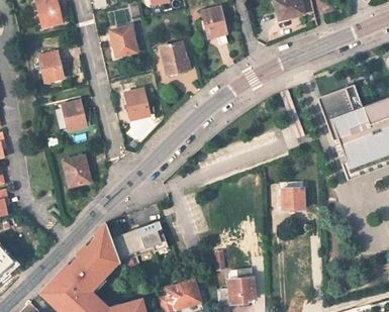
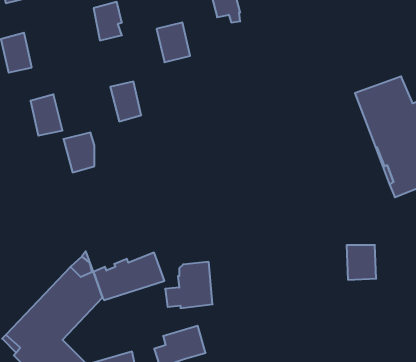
building: [63,155,87,187] -> [63,133,94,172]
building: [280,182,303,209] -> [347,245,376,280]
building: [216,269,254,305] -> [165,262,213,308]

